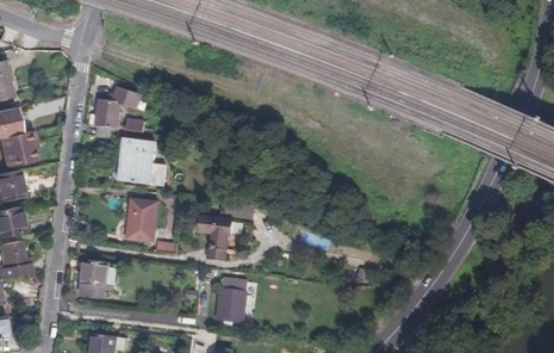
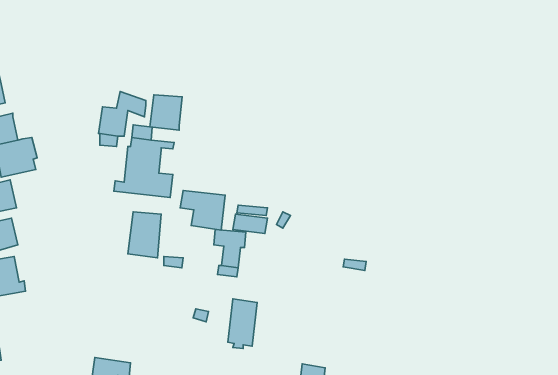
building: none -> [150,95,182,130]
building: none -> [180,191,225,230]
building: [79,260,108,297] -> none

